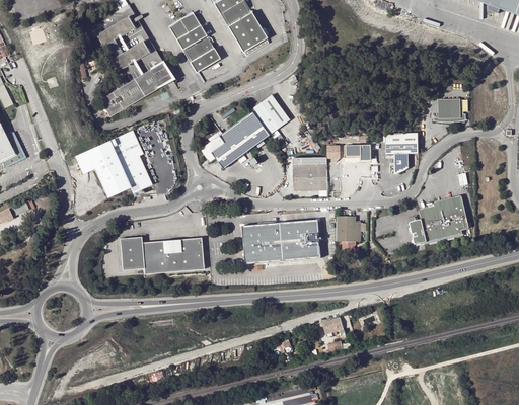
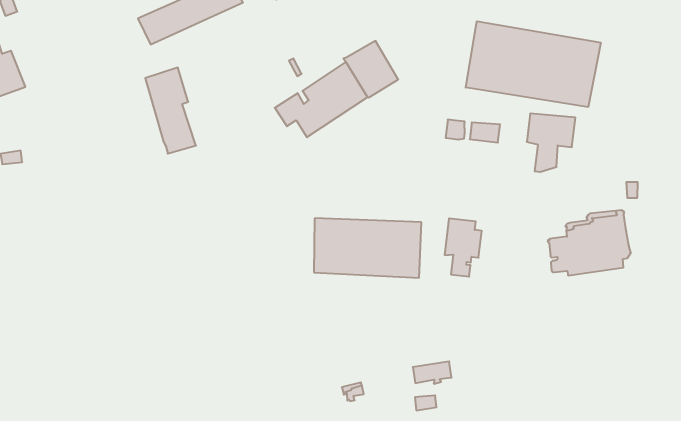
building: none -> [466,21,601,107]
building: [434,98,468,120] -> none
building: [74,140,130,195] -> none
building: [293,162,328,189] -> none
building: [120,236,204,273] -> none

